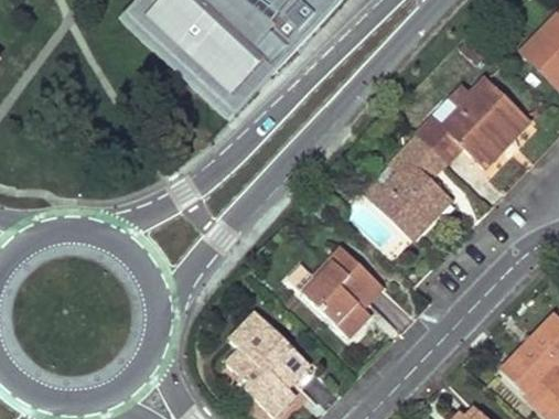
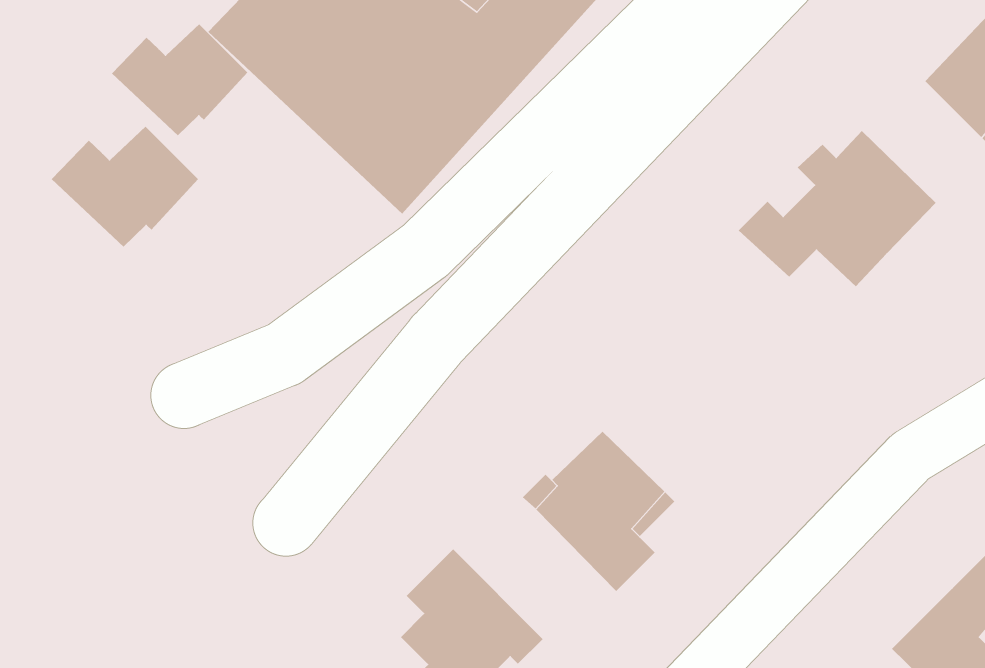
building: none -> [111,23,248,136]
building: none -> [51,126,199,247]
building: [373,133,452,237] -> none

